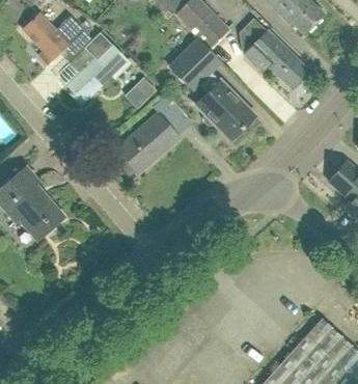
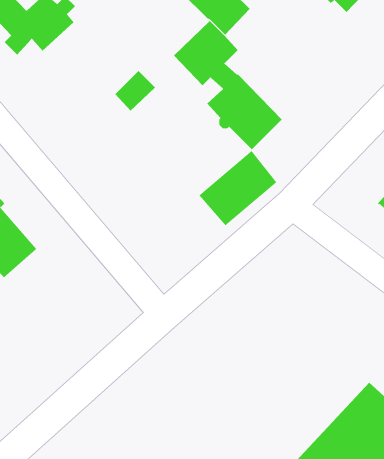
building: [244,28,308,87] -> none
building: [63,32,130,105] -> none
building: [117,112,178,171] -> [198,150,277,226]

